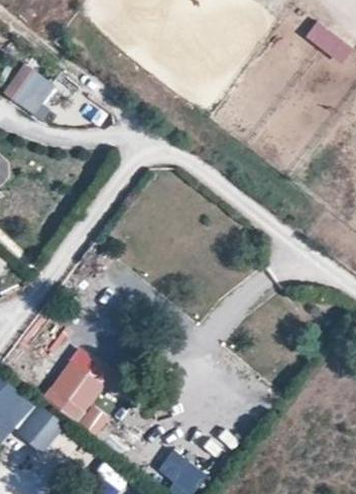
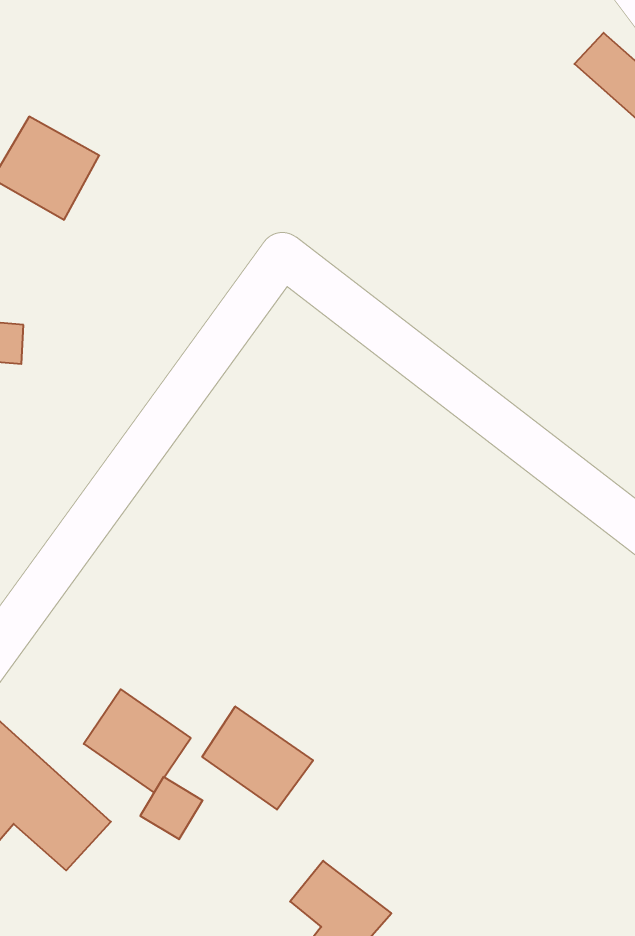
building: none -> [202,706,313,810]

